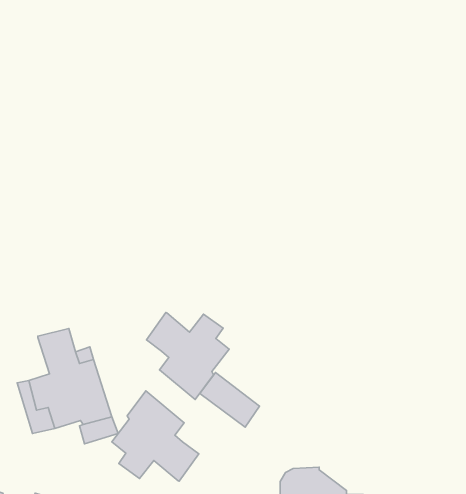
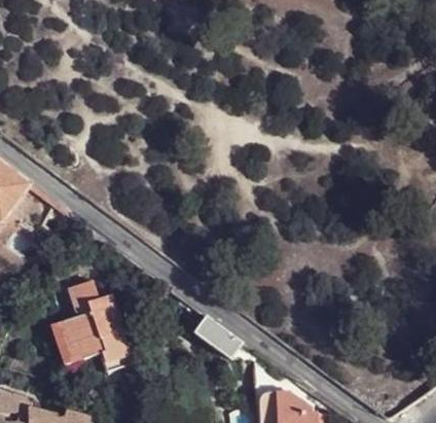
building: [146,313,229,400] -> none
building: [112,391,199,481] -> none

